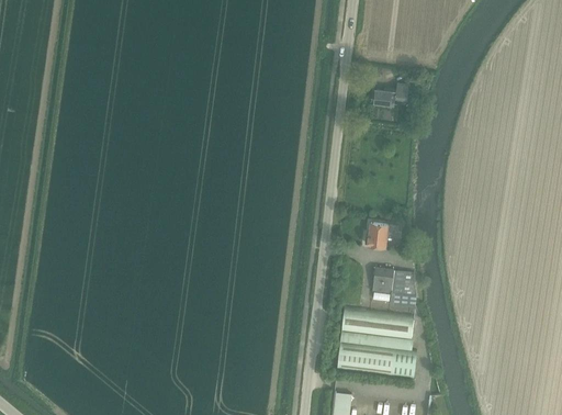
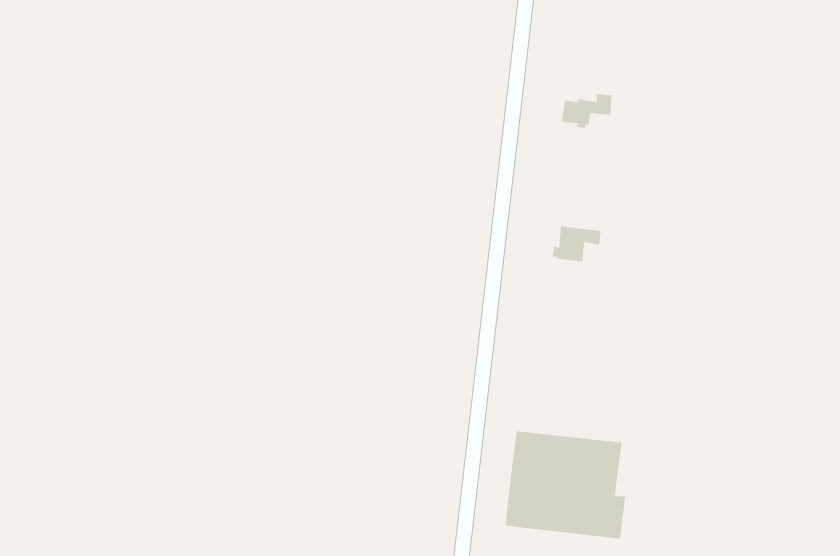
building: [364,223,397,247] -> [552,226,602,262]
building: [371,268,416,304] -> none

